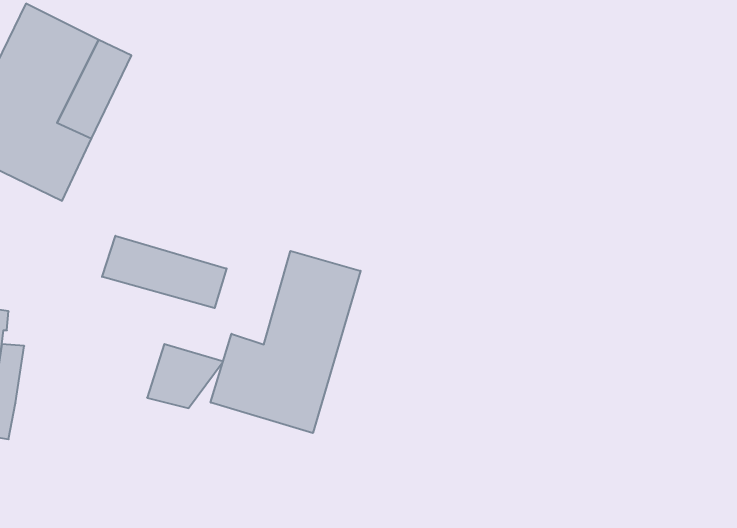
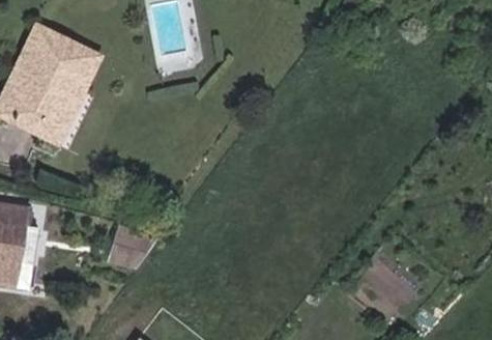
building: [102,236,227,308] -> none
building: [211,251,361,433] -> none

